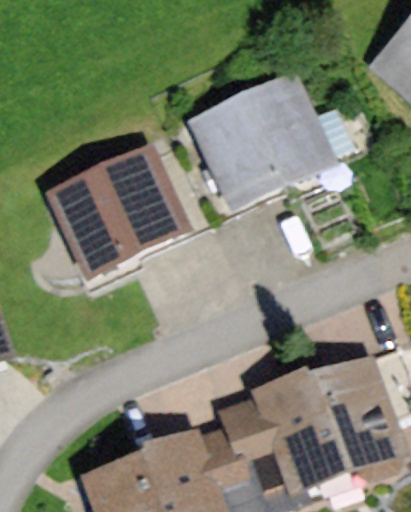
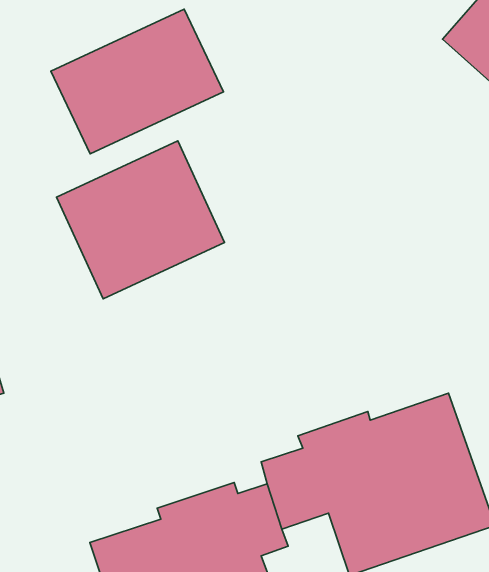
building: none -> [51,9,223,154]
building: [191,71,339,216] -> none

